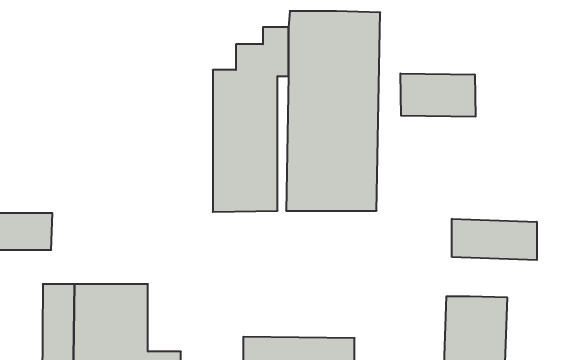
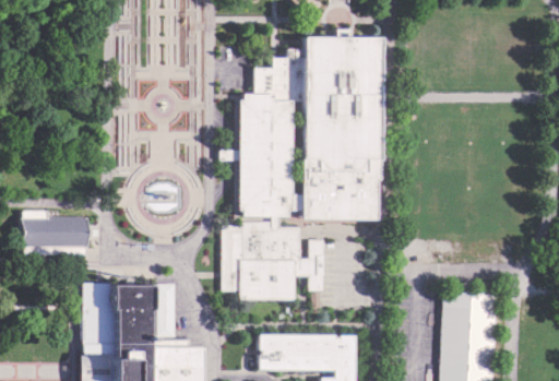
building: [400,73,475,117] -> none
building: none -> [223,219,324,296]
building: [452,219,537,260] -> none

